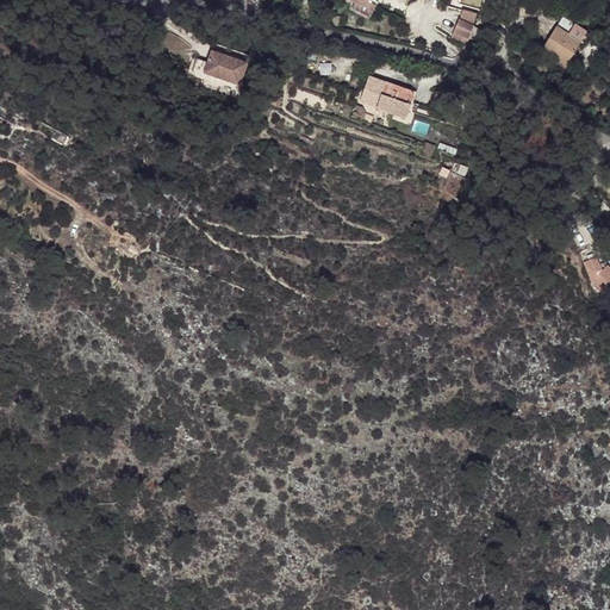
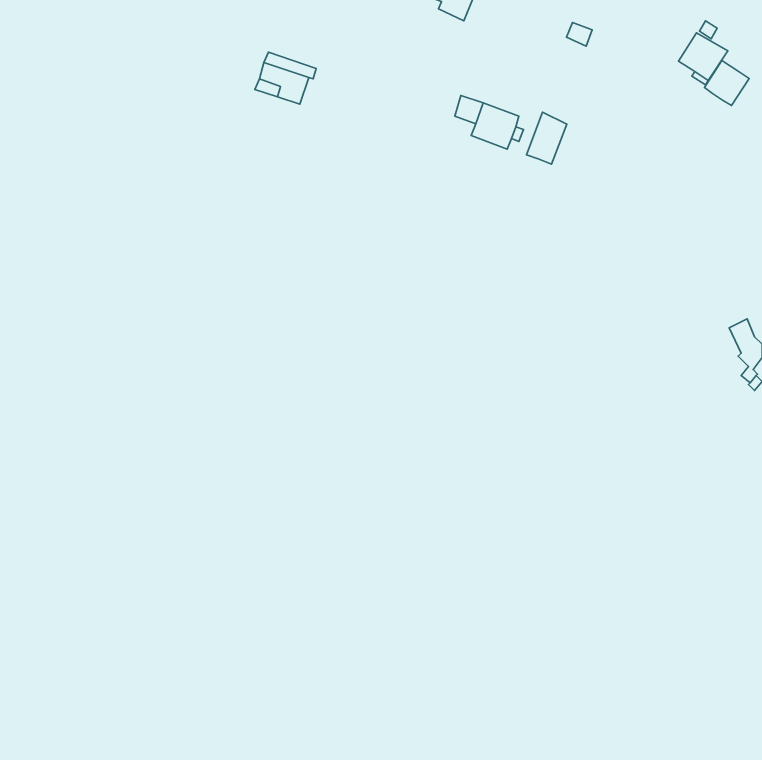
building: none -> [704,60,749,105]
building: none -> [527,112,567,164]

